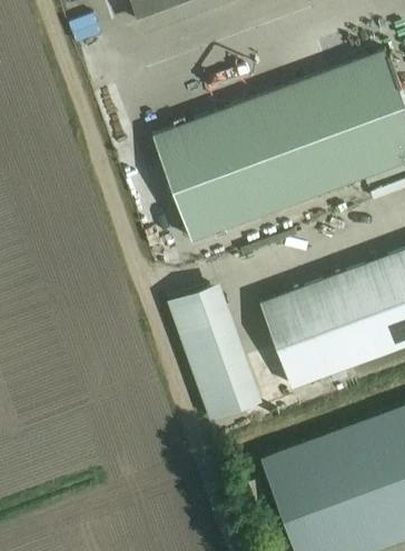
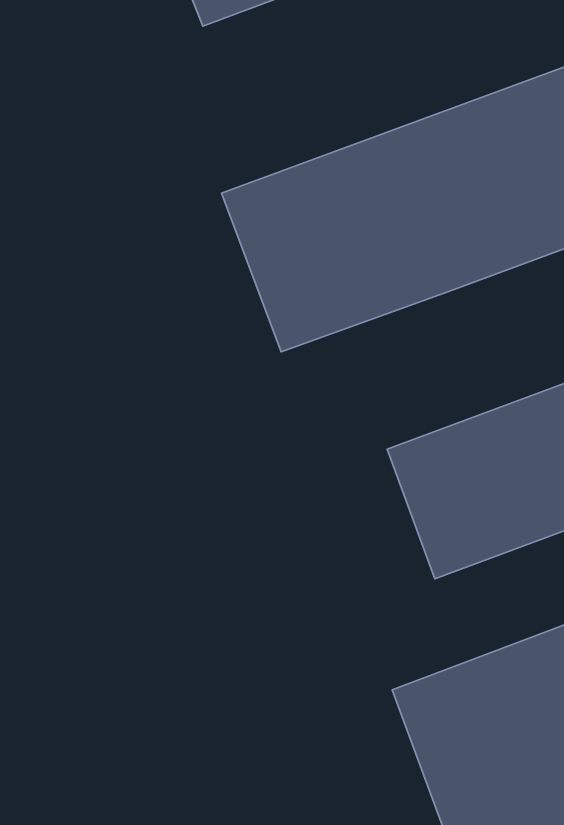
building: [167,282,261,419] -> none

